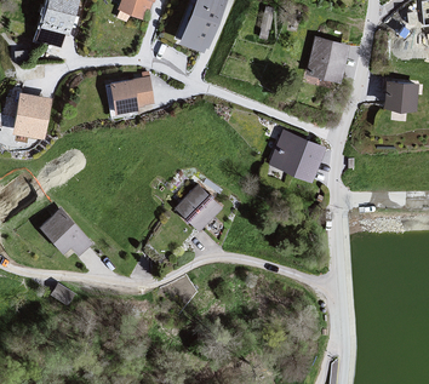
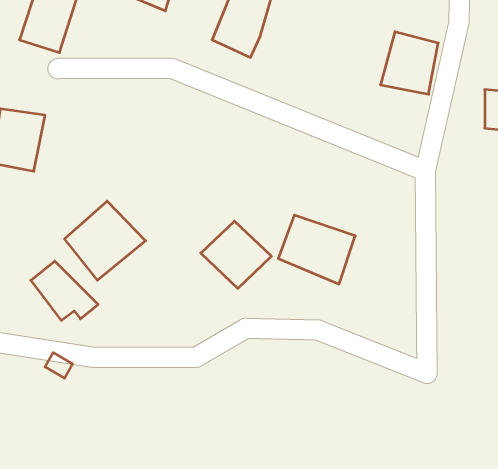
building: [108,78,153,118] -> none
building: [268,130,326,182] -> [278,215,355,284]
building: none -> [65,201,146,280]

